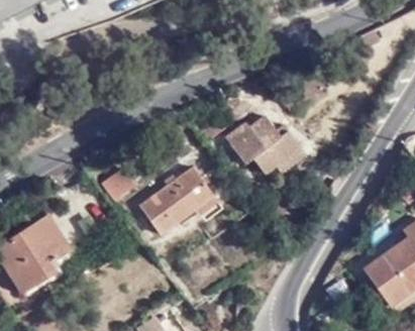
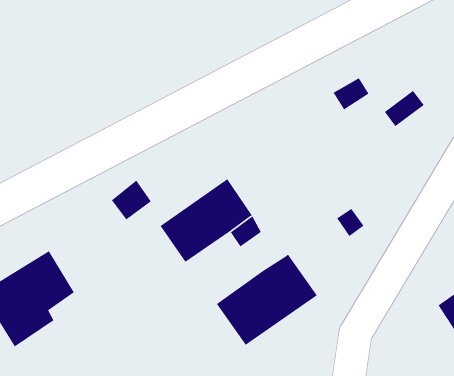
building: [228,114,304,172] -> none
building: none -> [216,253,318,346]

